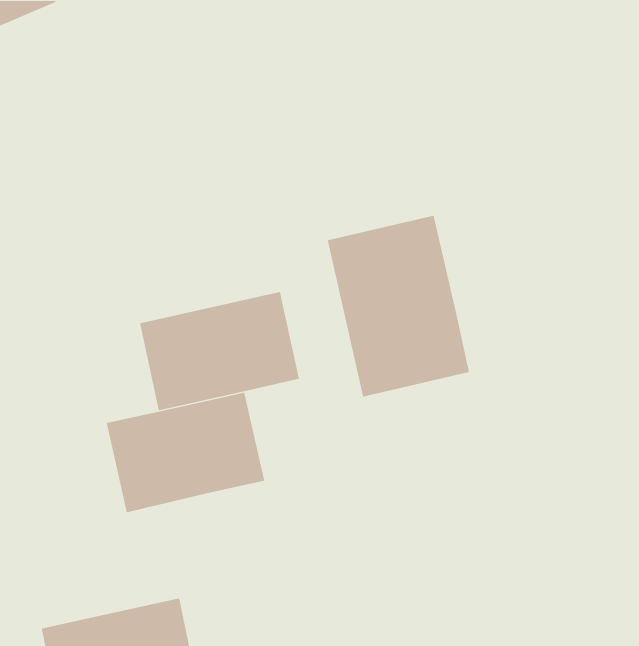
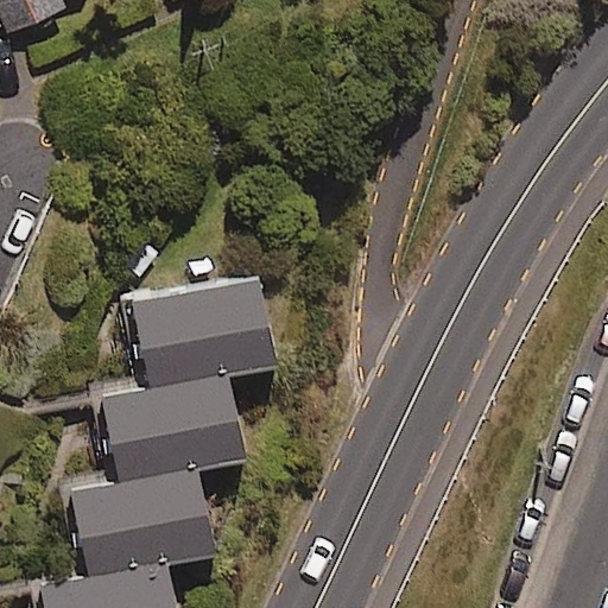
building: [327,215,470,398] -> none
building: none -> [66,464,216,580]

